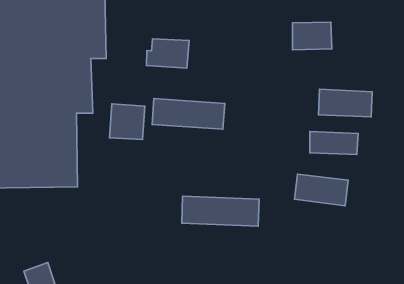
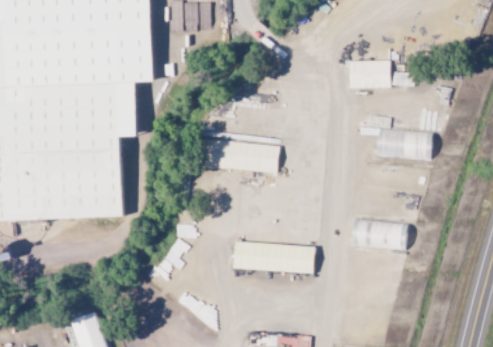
building: [147,39,189,68] -> none
building: [109,104,145,140] -> none
building: [310,132,358,155] -> none

